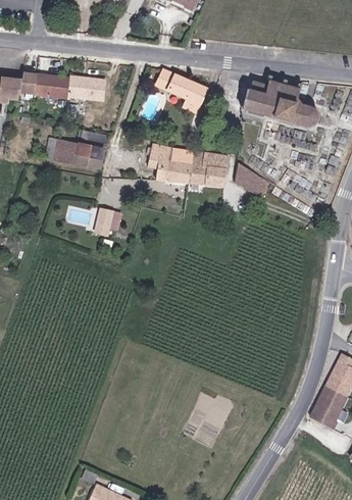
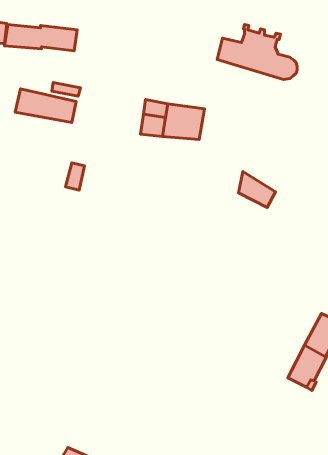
building: [155,68,206,112] -> none
building: [147,143,171,181] -> none
building: [234,162,269,197] -> [239,172,275,207]

